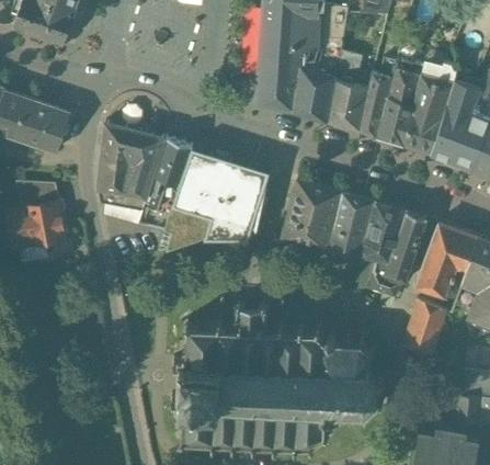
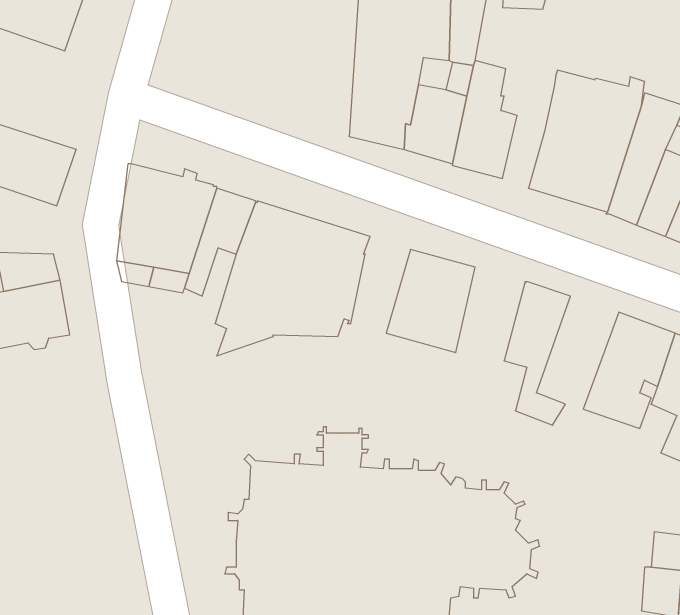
building: [361,59,397,138] -> none
building: [329,192,376,256] -> none
building: [384,212,428,285] -> none
building: [402,300,447,359] -> none

